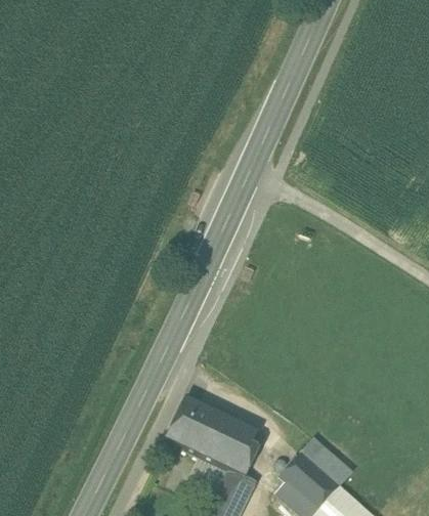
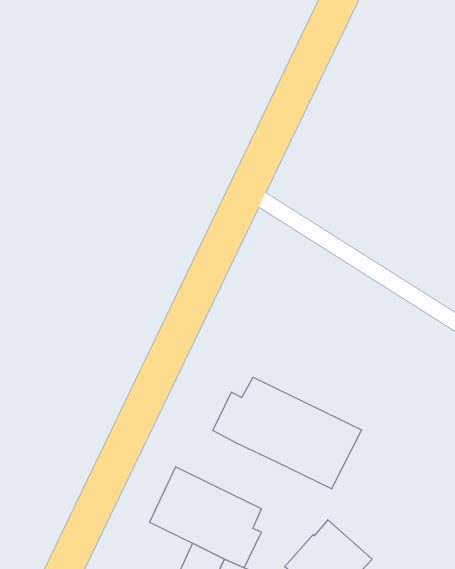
building: none -> [213,377,362,489]

